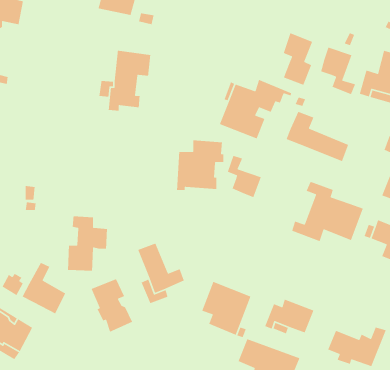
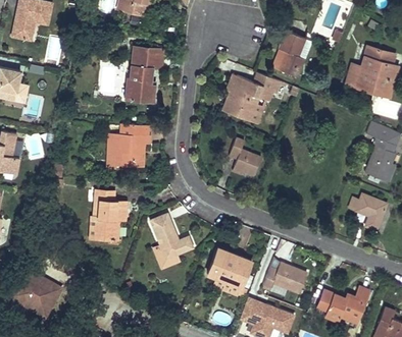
building: [320,47,356,95] -> none
building: [285,111,349,162] -> none
building: [176,140,224,191] -> [107,123,149,168]
building: [291,181,364,242] -> none
building: [22,262,66,315] -> none
building: [91,278,133,333] -> none

